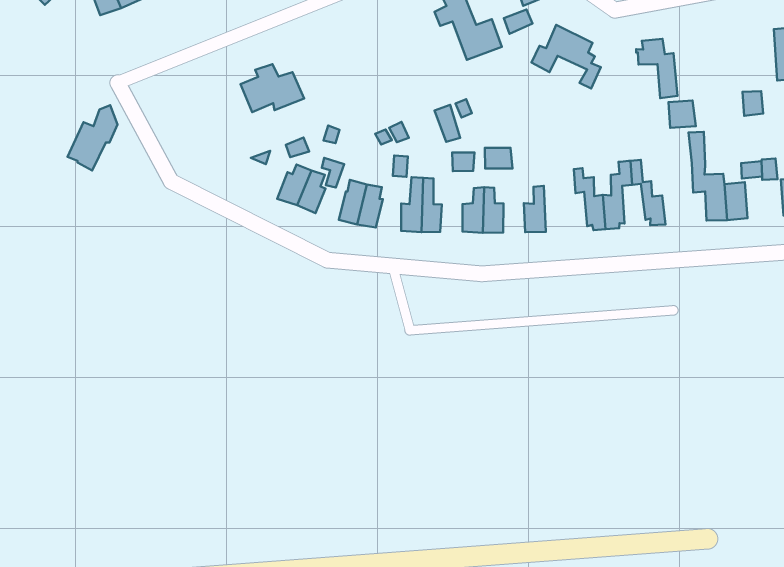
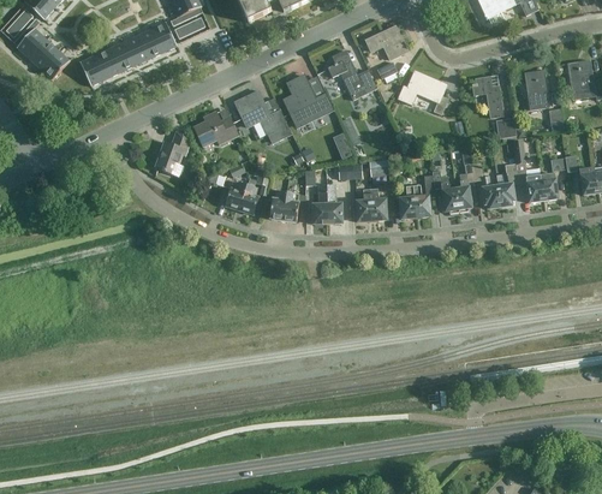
building: none -> [284,75,333,126]
building: none -> [523,70,549,109]
building: none -> [236,91,293,144]
building: [68,105,117,170] -> [155,129,189,175]
building: none -> [496,162,518,207]
building: none -> [412,174,434,218]

